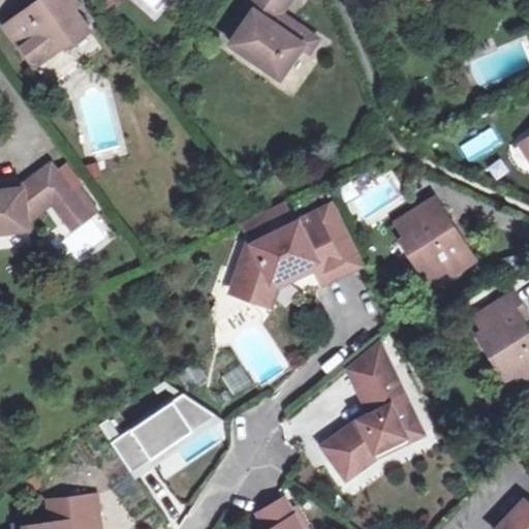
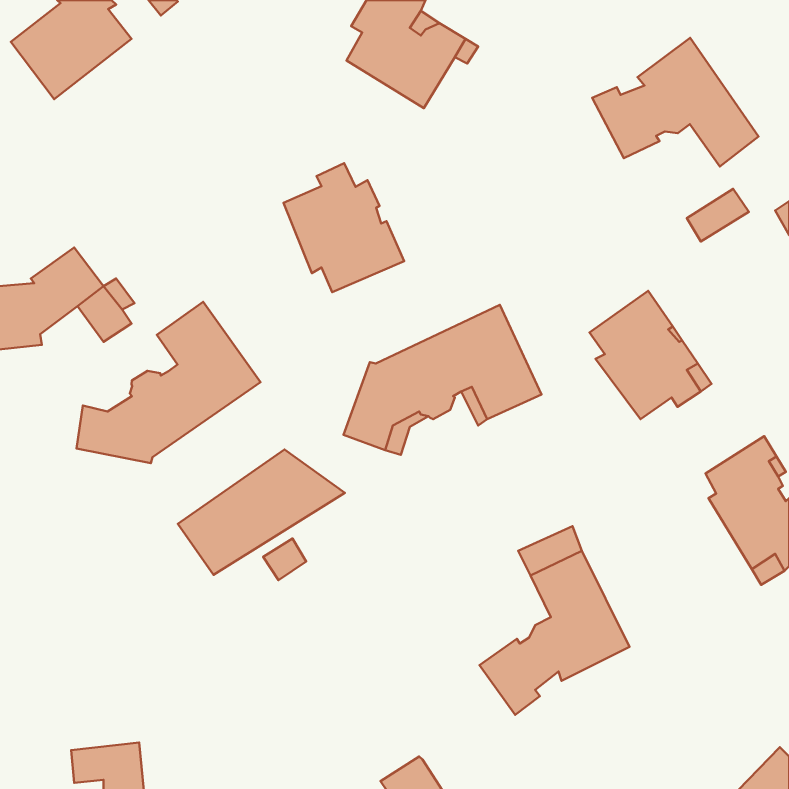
building: none -> [592,38,758,167]
building: none -> [284,163,404,292]
building: none -> [77,302,260,463]
building: [111,392,222,475] -> [178,450,345,575]

